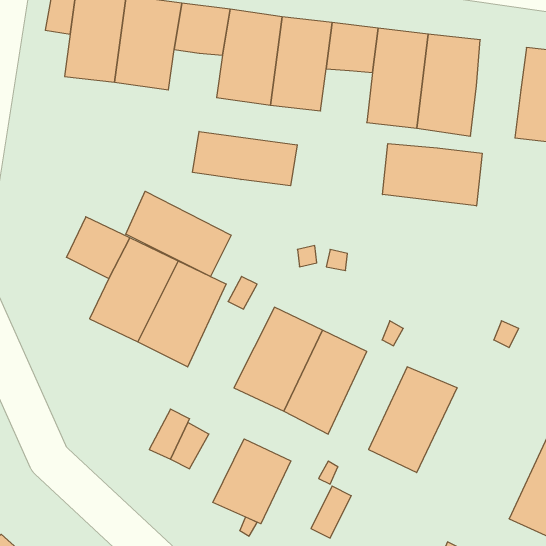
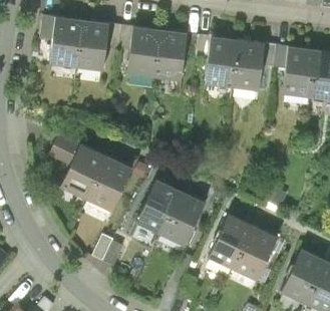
building: none -> [263,42,289,68]
building: [193,131,297,186] -> none
building: [383,144,482,206] -> none
building: [126,191,231,277] -> none
building: none -> [232,224,277,279]
building: [213,439,291,524] -> none

